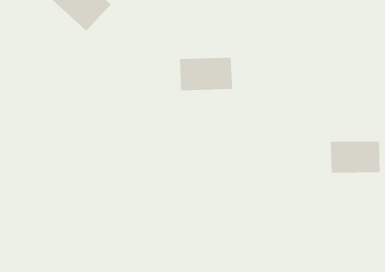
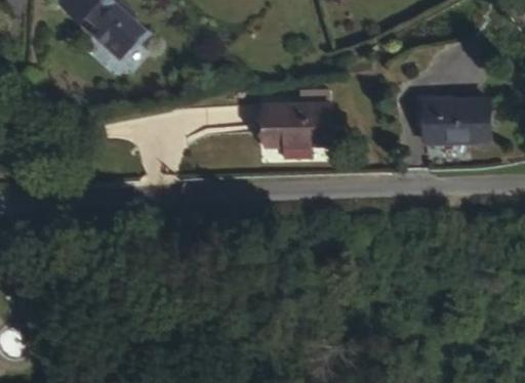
building: [330,141,381,174] -> [417,99,481,140]

